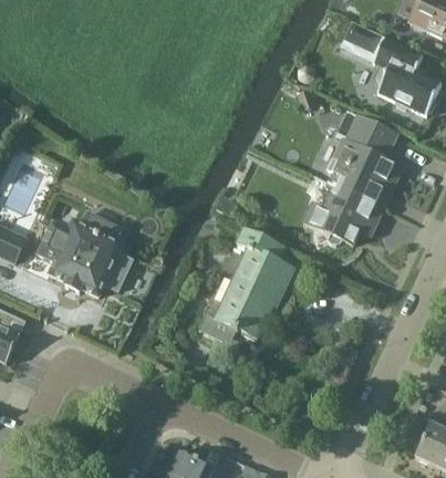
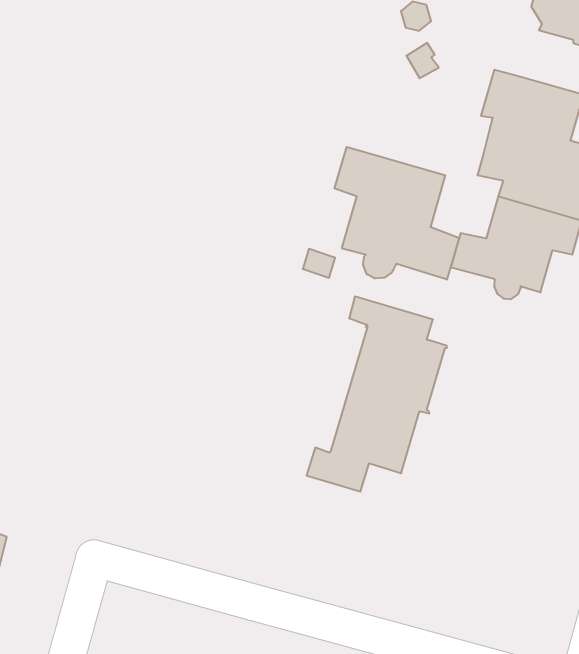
building: none -> [335,147,459,280]
building: [38,221,132,295] -> none

